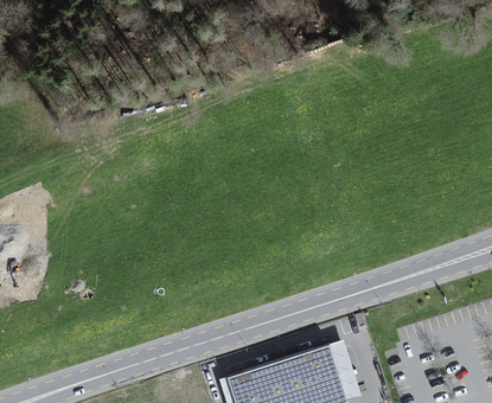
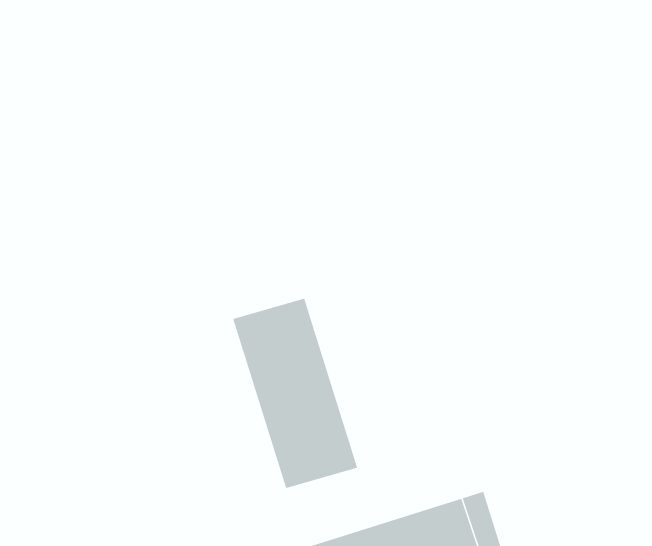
building: none -> [232,298,358,489]

